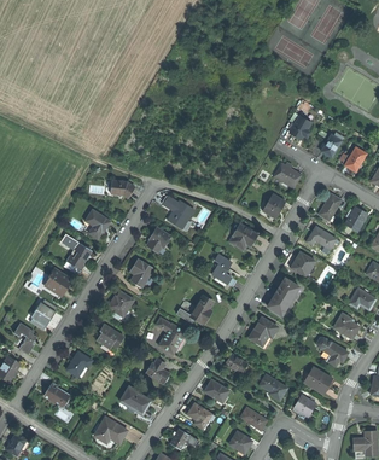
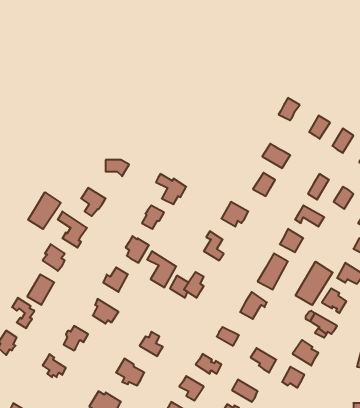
building: none -> [28,192,61,229]
building: none -> [296,262,333,305]
building: [154,315,185,353] -> [147,251,176,287]

